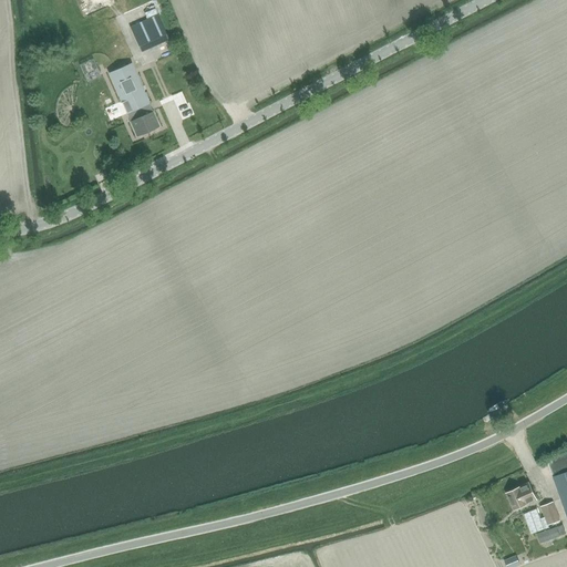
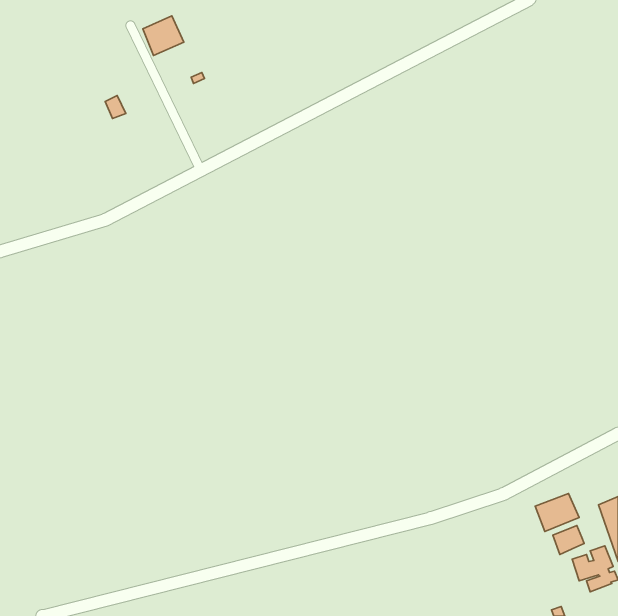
building: [112,68,159,135] -> none
building: none -> [535,493,579,531]

